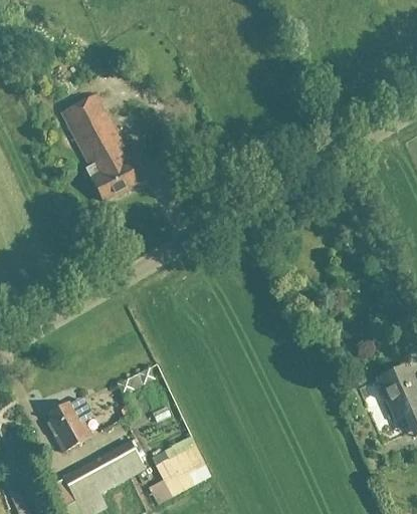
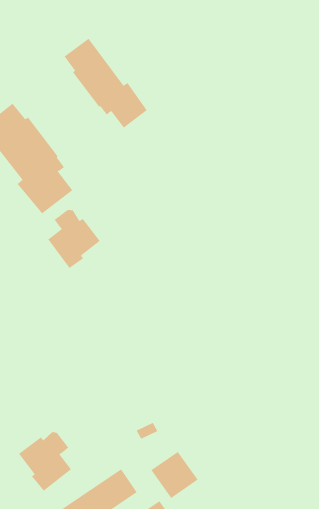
building: none -> [64,38,147,128]
building: none -> [47,209,101,269]

